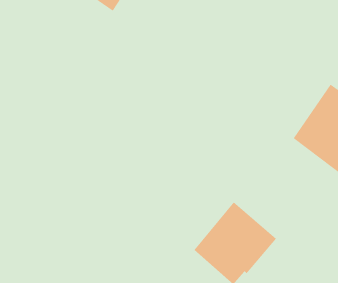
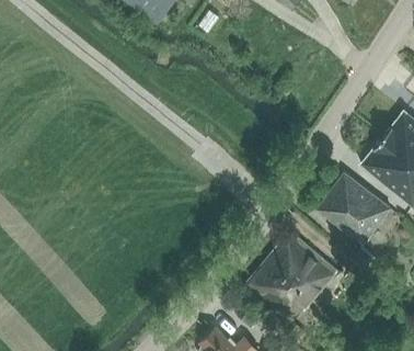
building: none -> [315,173,390,245]

